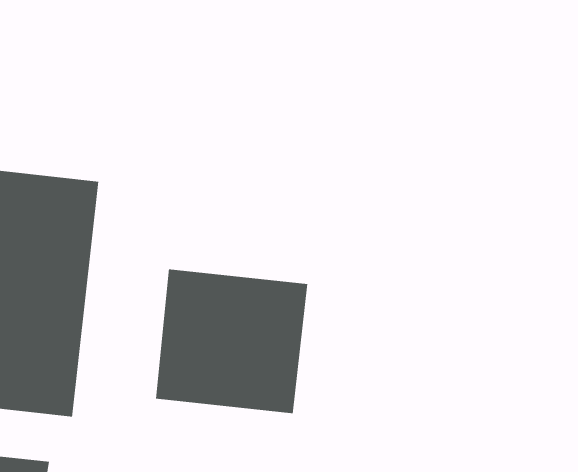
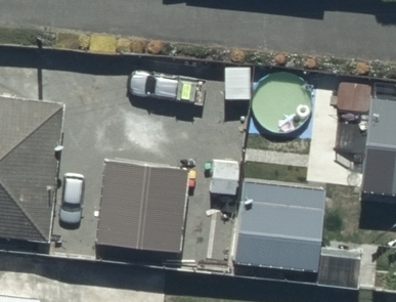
building: none -> [235,188,326,273]

